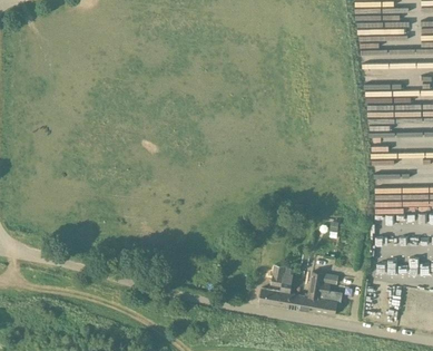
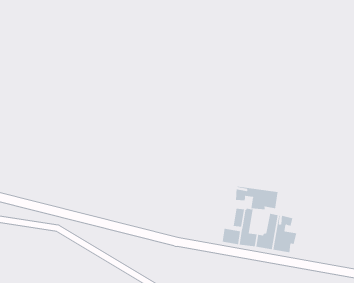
building: none -> [236,186,278,210]

